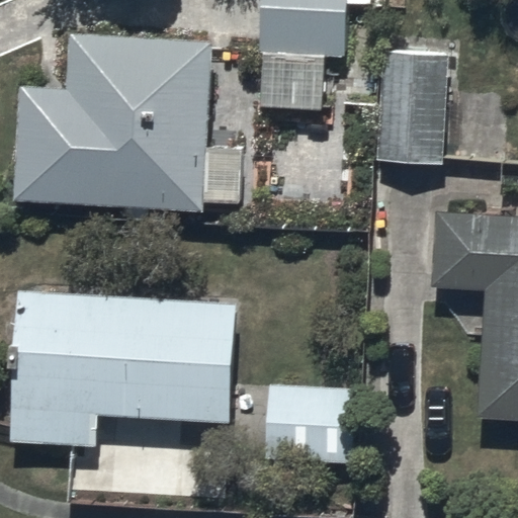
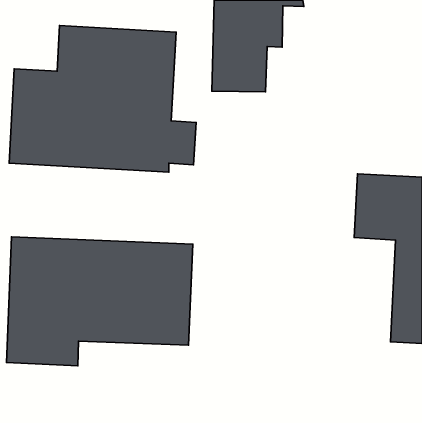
building: [374,52,447,165] -> none
building: [265,382,363,462] -> none

